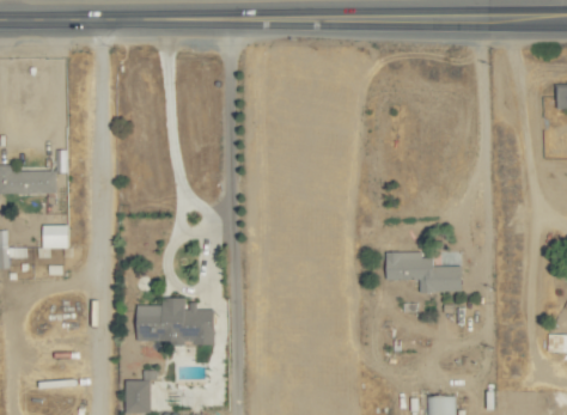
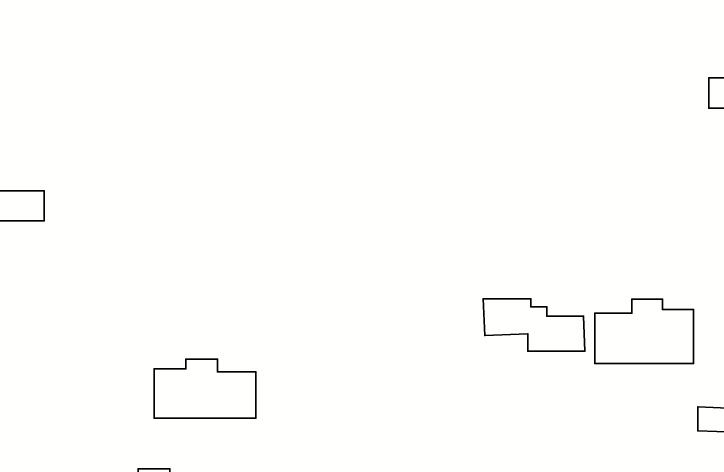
building: [42,225,67,248] -> none
building: none -> [595,299,693,363]

